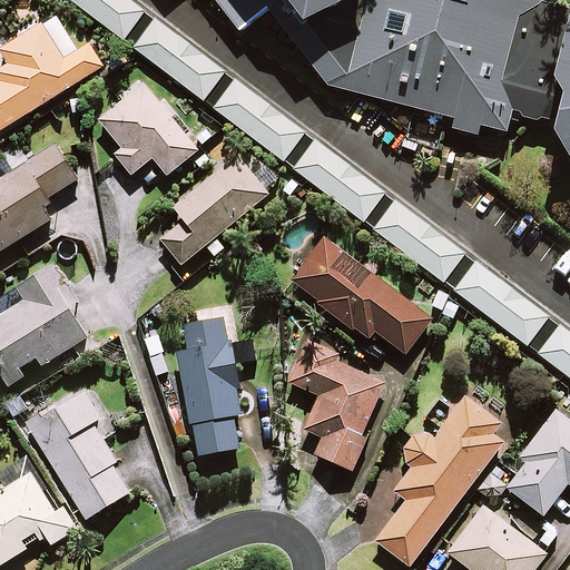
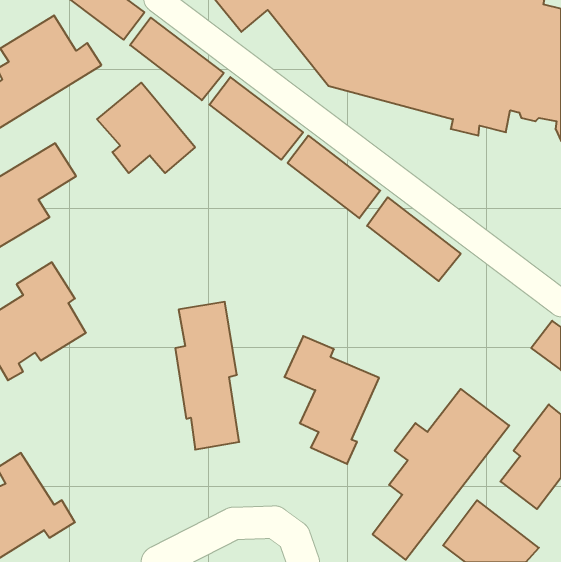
building: [160,155,267,264] -> none
building: [289,236,433,353] -> none
building: [452,261,547,344] -> none
building: [28,390,128,518] -> none

